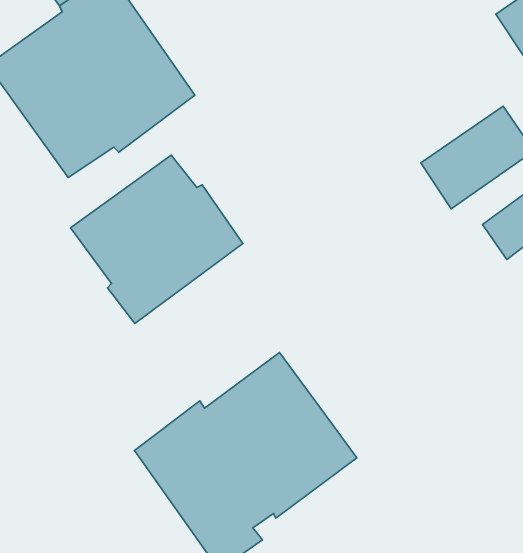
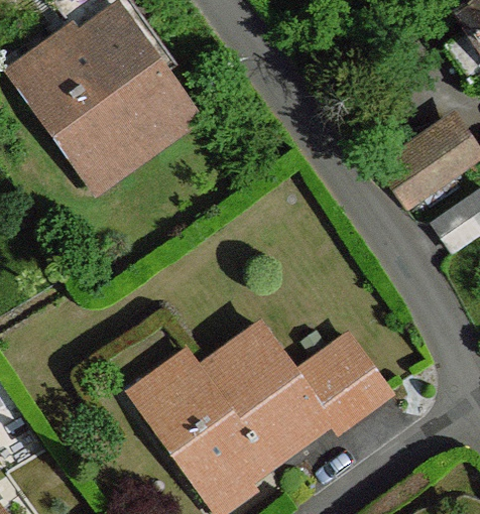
building: [70,155,243,324] -> none
building: none -> [299,339,388,426]

